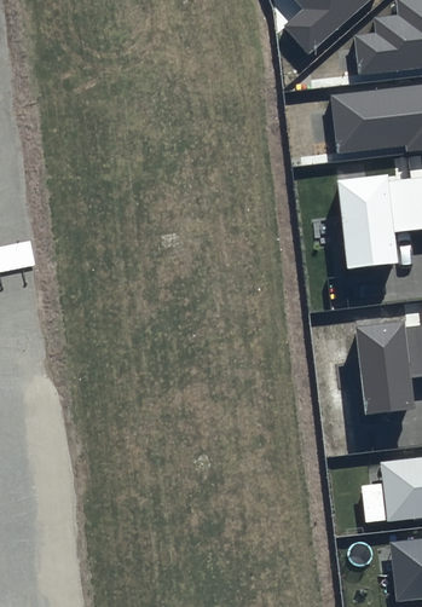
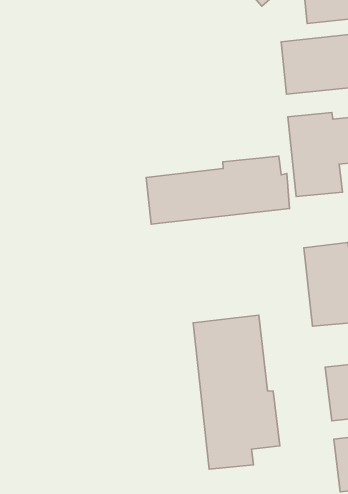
building: none -> [146,156,290,224]
building: none -> [193,315,280,469]

